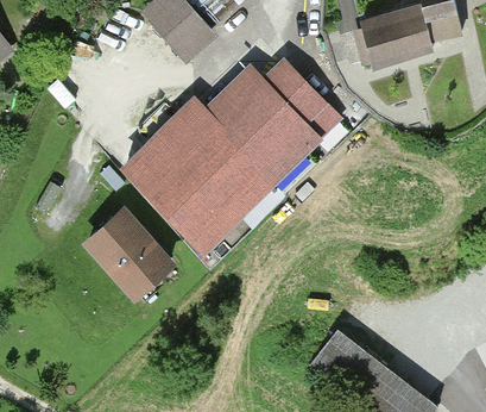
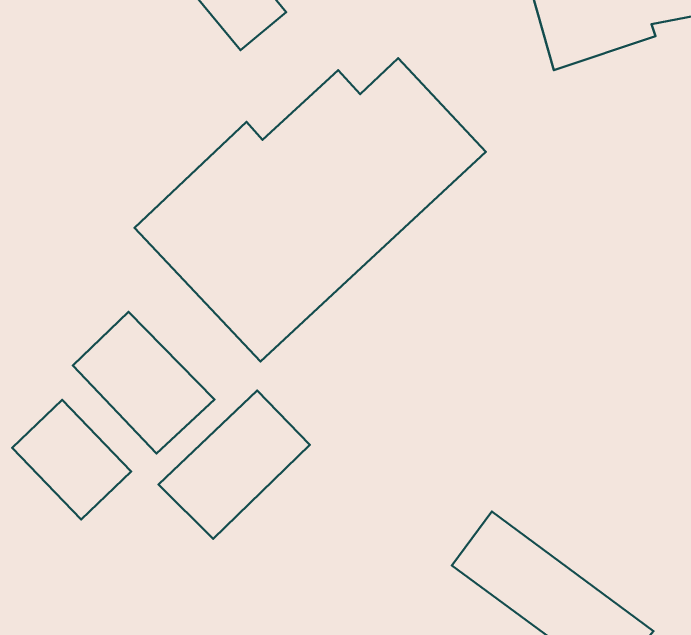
building: none -> [159,390,310,539]
building: none -> [12,400,131,519]

